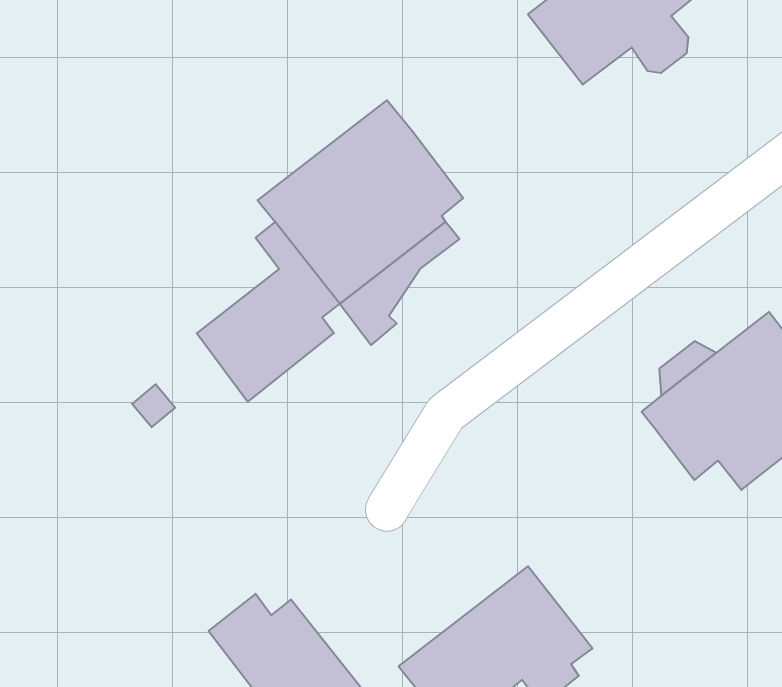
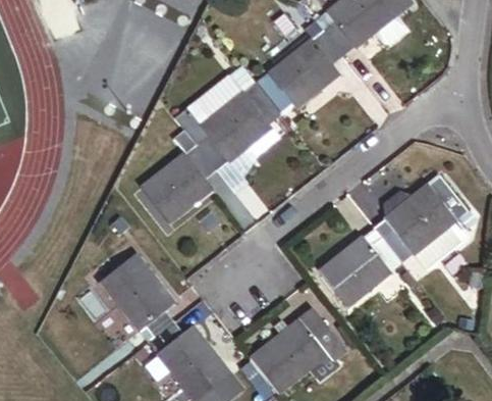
building: none -> [255,20,343,116]
building: none -> [319,237,401,306]
building: none -> [100,252,174,342]

